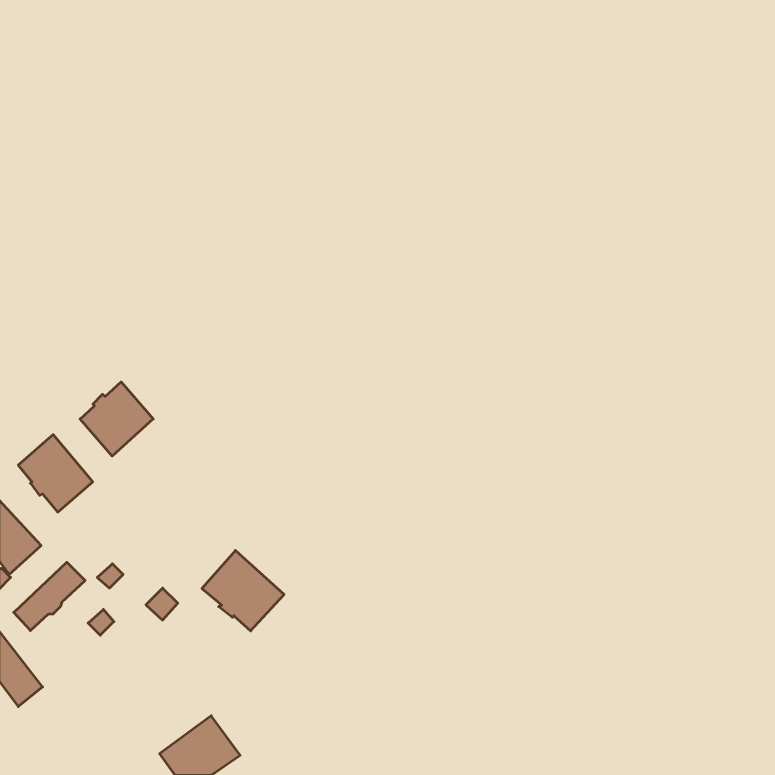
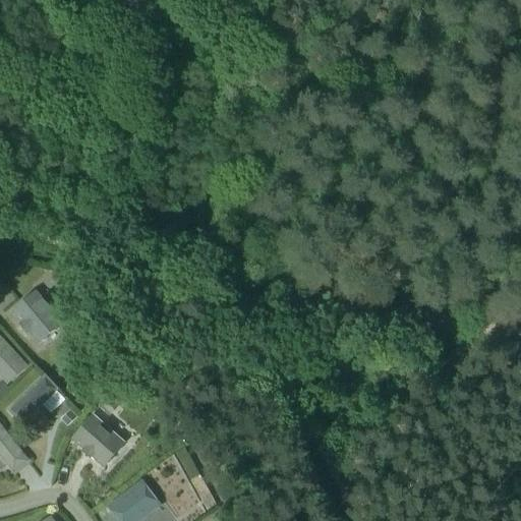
building: [80,382,153,456] -> none
building: [202,550,284,631] -> [70,413,125,467]

